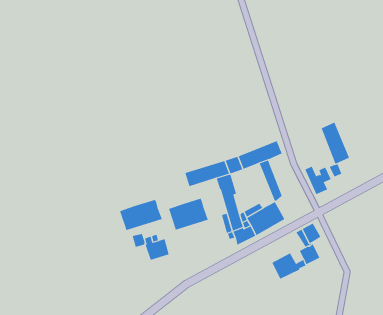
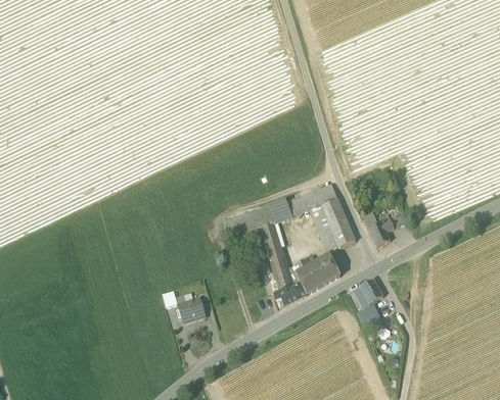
building: [321,122,350,164] -> [321,199,355,248]
building: [168,198,209,230] -> none
building: [119,199,163,231] -> none
building: [272,253,306,280] -> none

